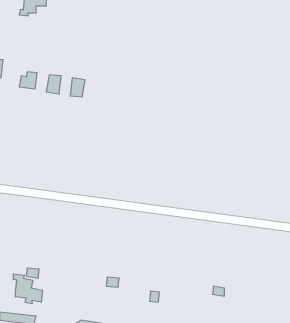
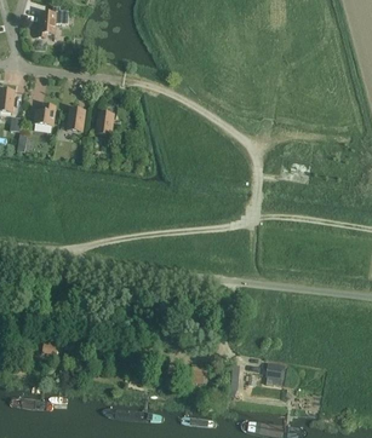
building: [14,274,43,304] -> none

